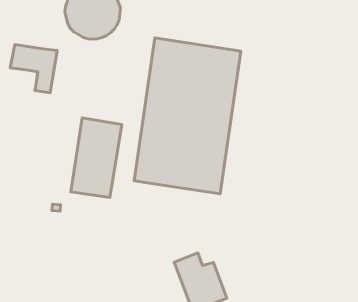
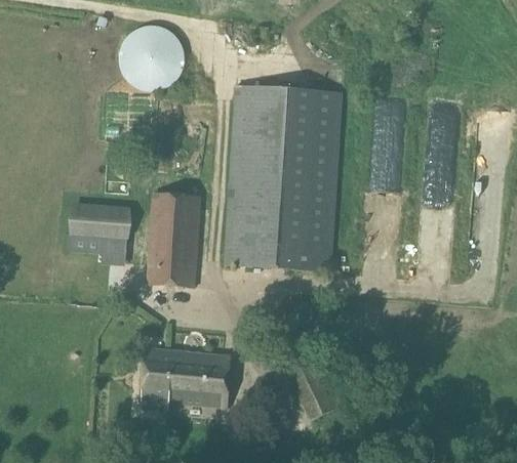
building: [10,45,57,93] -> [71,205,127,261]
building: none -> [141,346,231,411]

